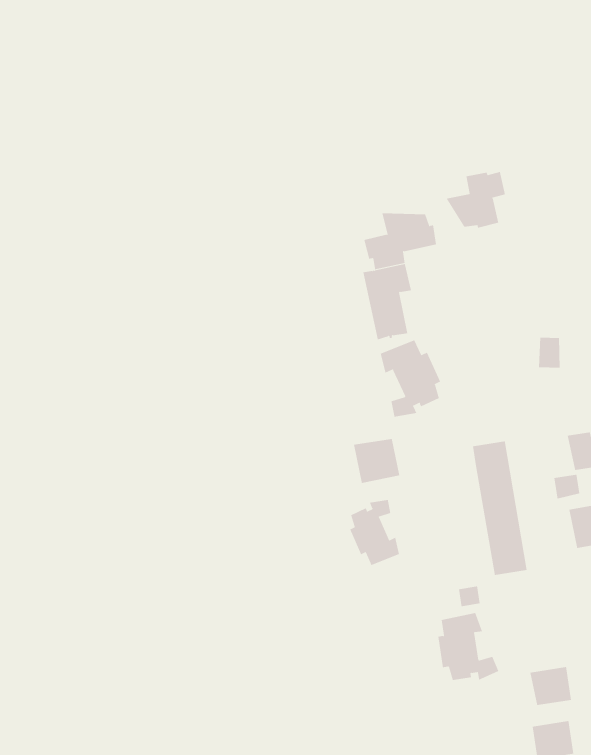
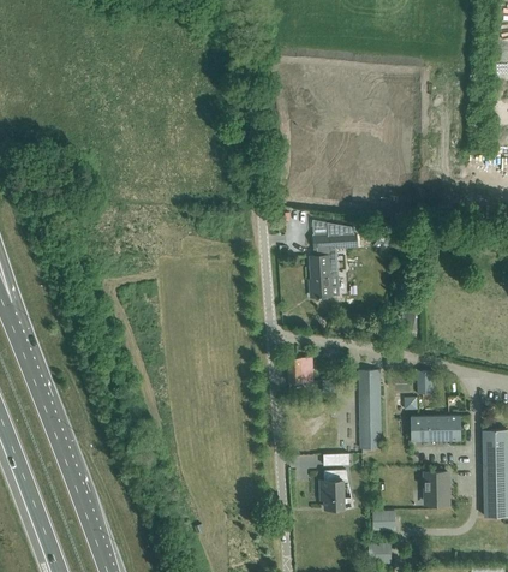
building: [446,171,506,229] -> none
building: [380,339,441,417] -> none
building: [349,499,400,566] -> none

